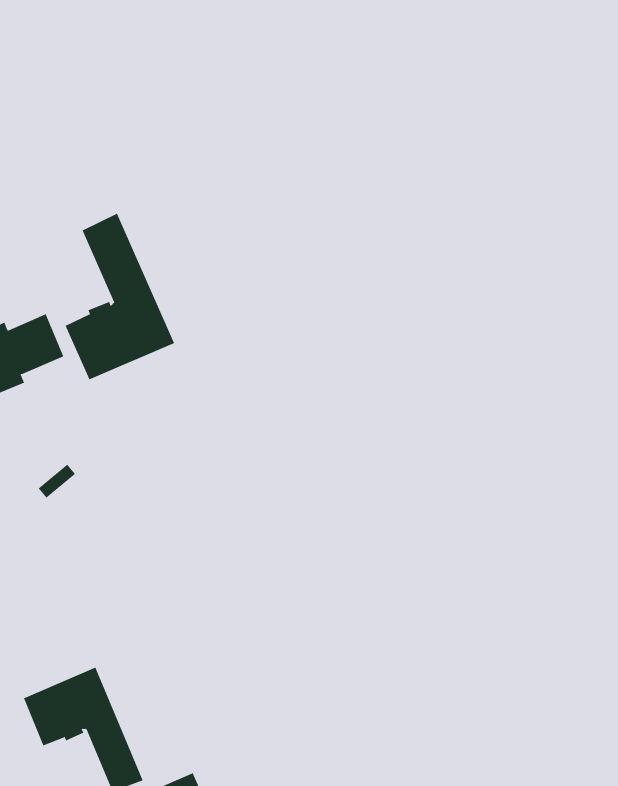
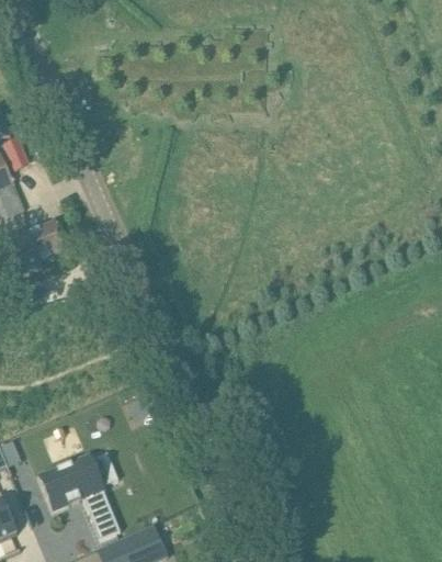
building: [65,213,175,380] -> none

